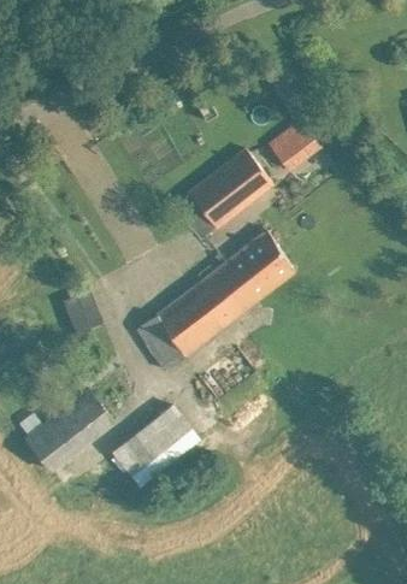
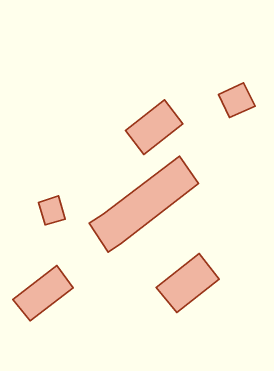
building: [269,120,322,171] -> [219,83,255,118]
building: [110,403,201,489] -> [156,254,219,312]

